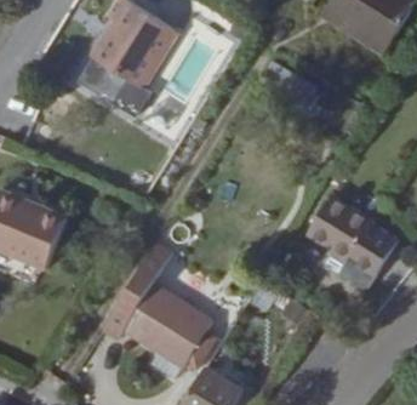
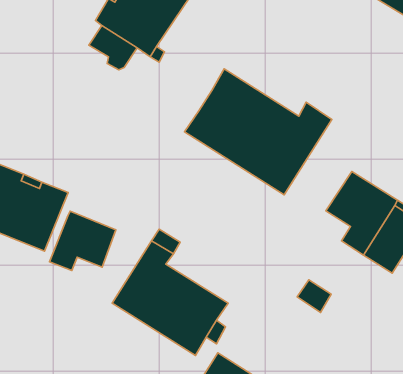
building: none -> [184,69,332,195]
building: none -> [49,211,116,271]

